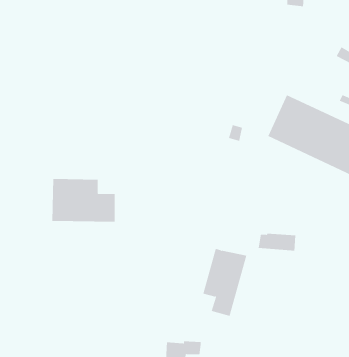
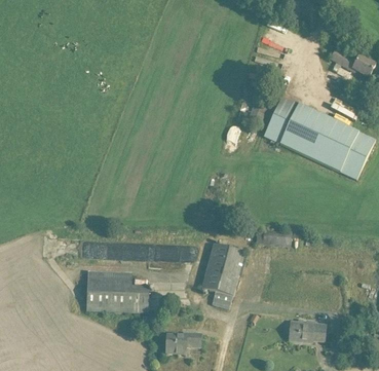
building: [52,179,116,222] -> [87,270,149,312]
building: none -> [290,319,327,342]

